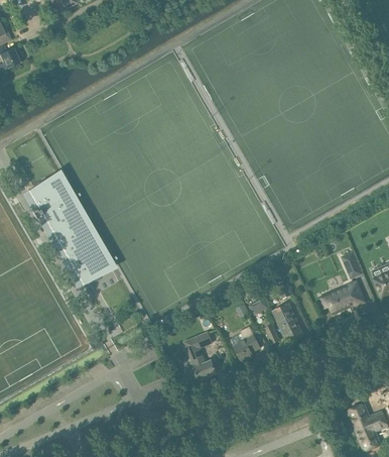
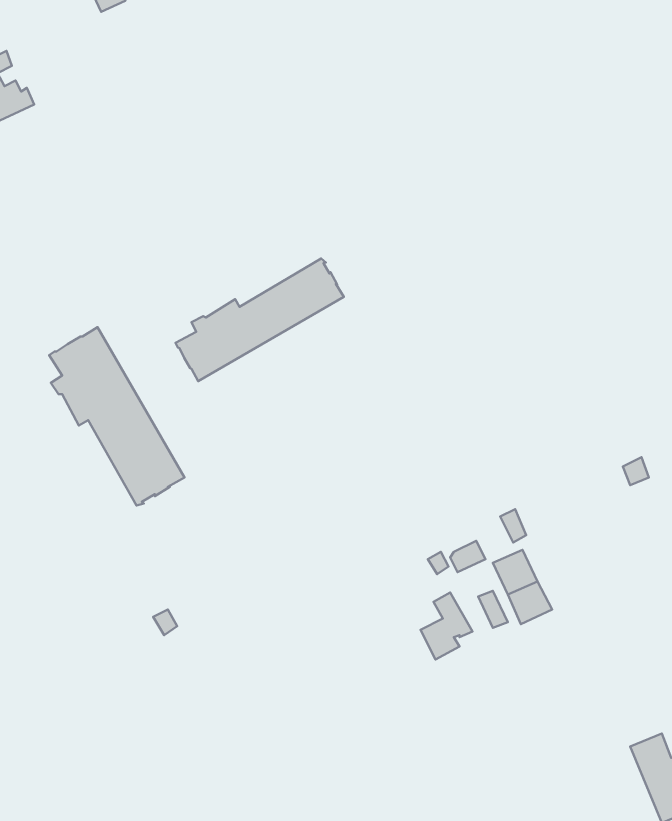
building: none -> [176,258,344,381]
building: [326,281,365,312] -> none
building: [184,331,218,379] -> none

